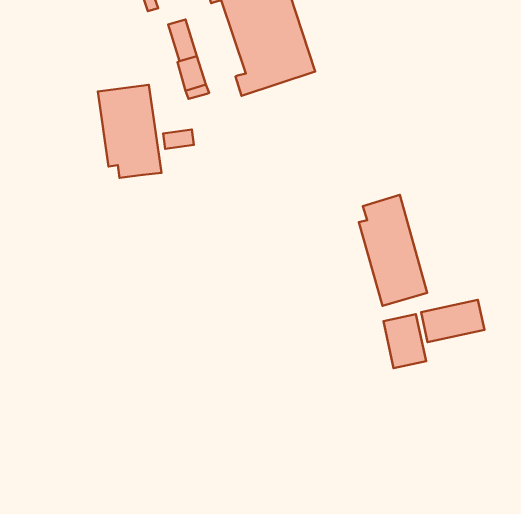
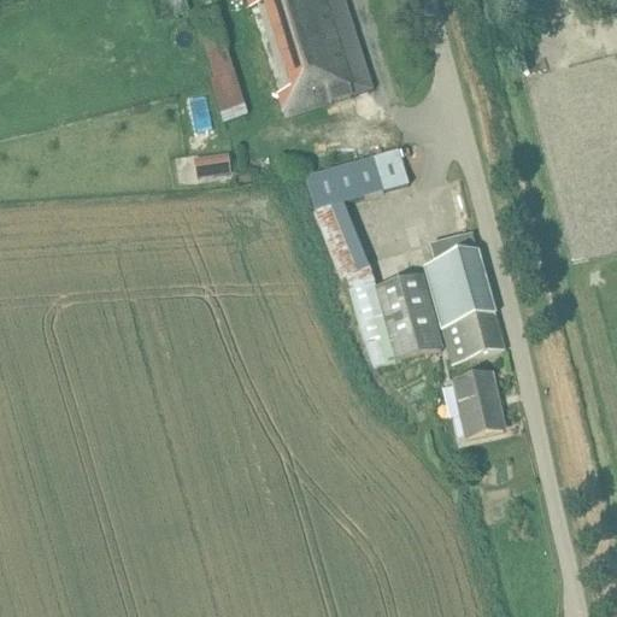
building: [98,85,161,178] -> none
building: none -> [306,146,442,363]
building: [421,300,484,342] -> none

